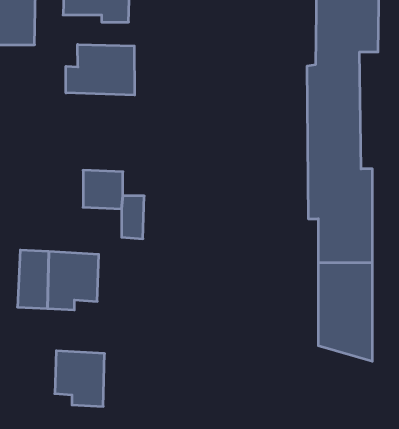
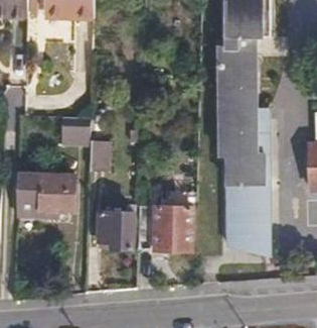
building: [66,44,135,95] -> none
building: none -> [153,199,192,252]
building: [55,351,105,406] -> [98,210,133,249]

